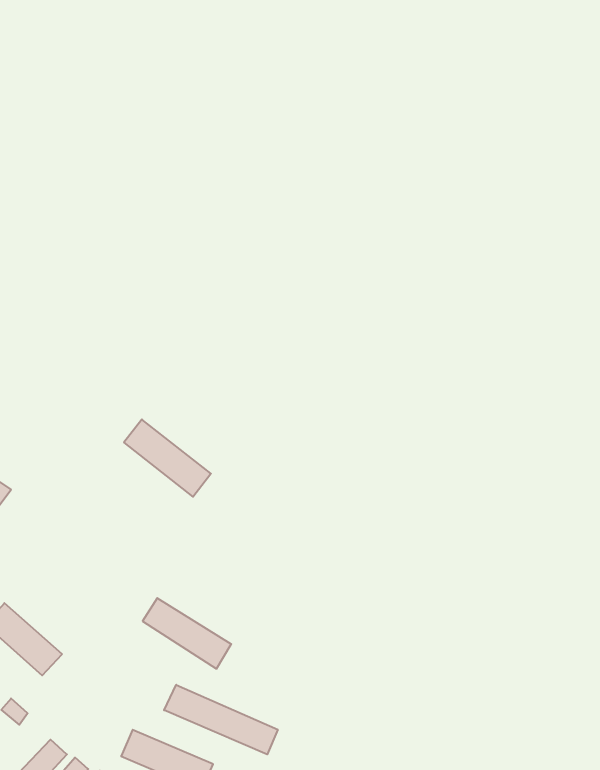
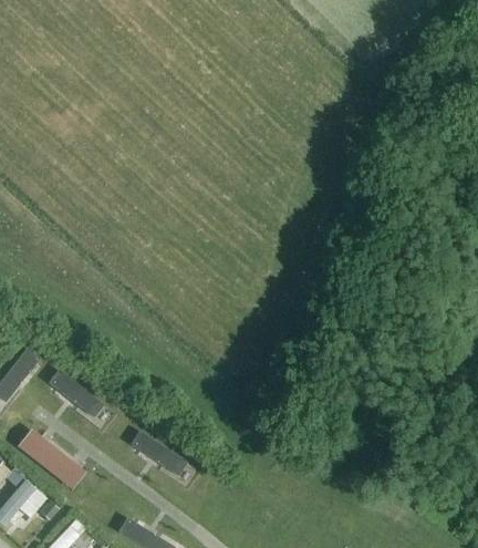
building: [124,419,211,497] -> [49,369,107,421]
building: [164,685,278,754] -> none

